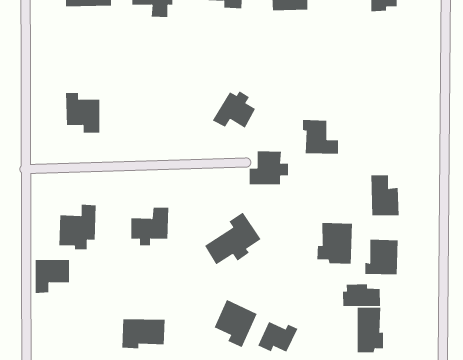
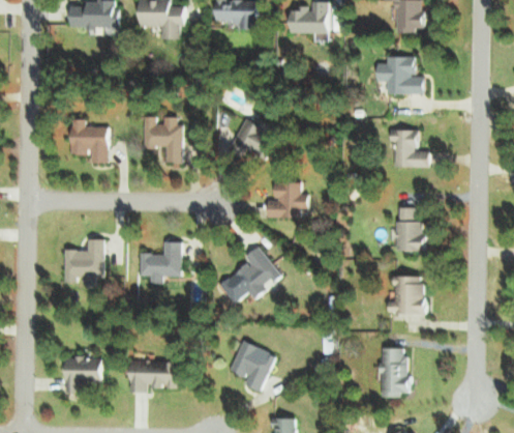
building: none -> [376,56,424,93]
building: none -> [143,116,181,163]
building: [302,119,339,154] -> [390,129,429,167]
building: [317,222,353,264] -> none
building: [35,259,70,293] -> [66,357,103,394]
building: [342,284,381,307] -> none
building: [257,321,298,352] -> none

